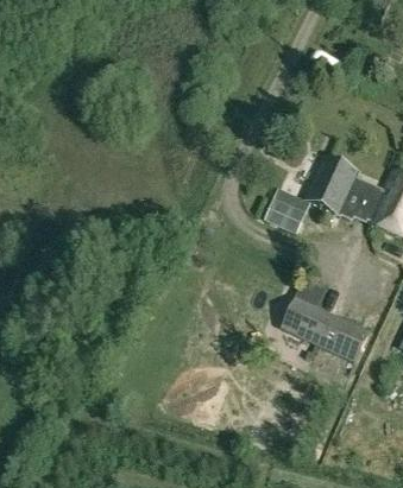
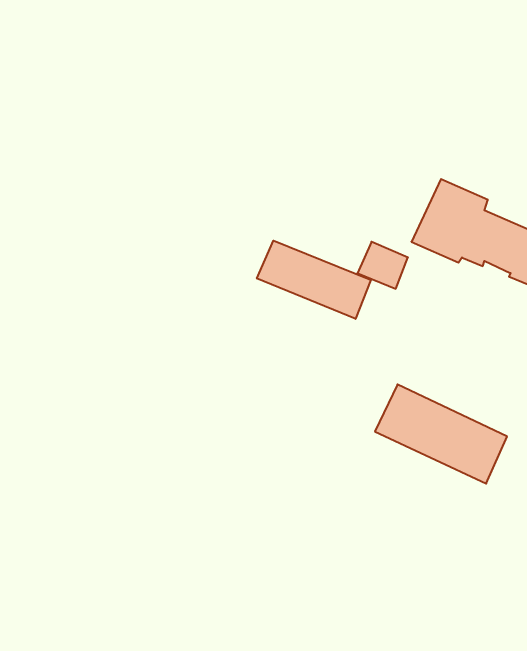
building: none -> [257,241,371,319]

